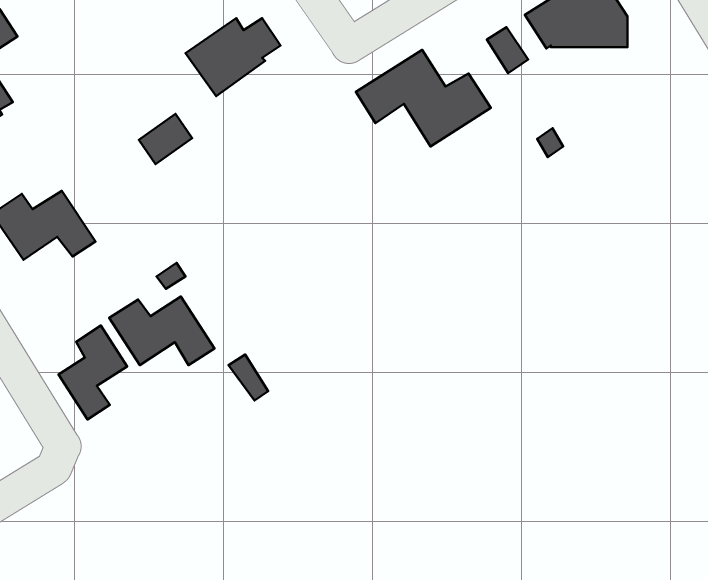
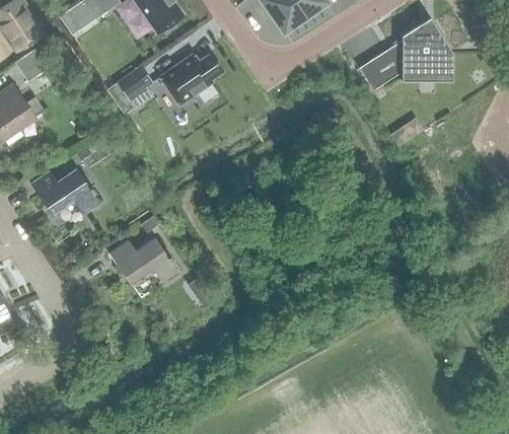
building: [356,50,491,146] -> none
building: [139,114,192,164] -> [117,67,152,100]
building: [59,326,127,419] -> none

